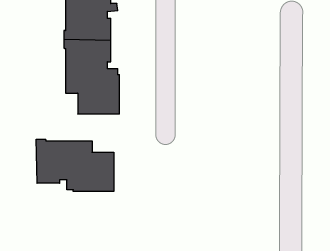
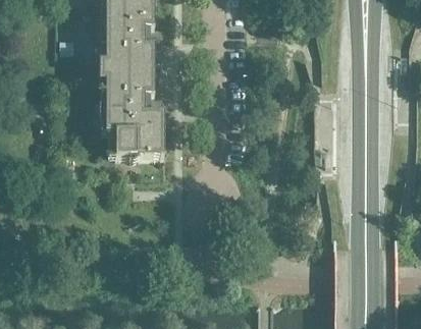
building: [36,139,114,191] -> none

